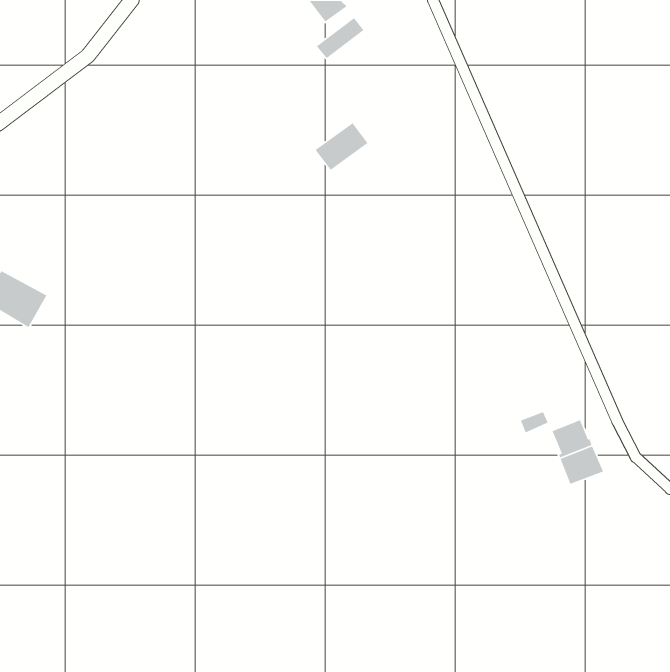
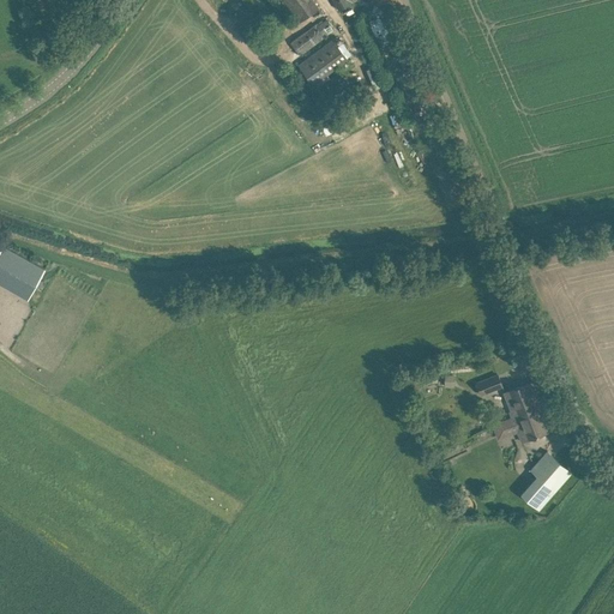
building: [315,122,369,171] -> [296,40,345,84]
building: none -> [519,451,570,510]

